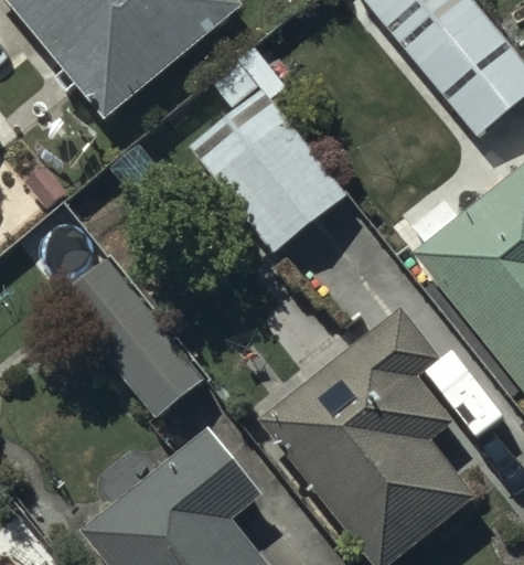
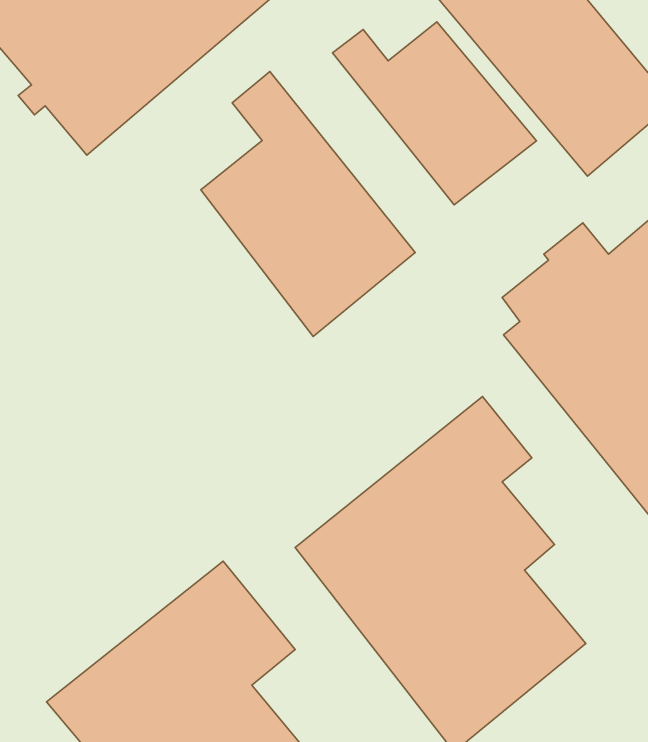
building: none -> [332,22,536,205]
building: [57,254,204,415] -> none

